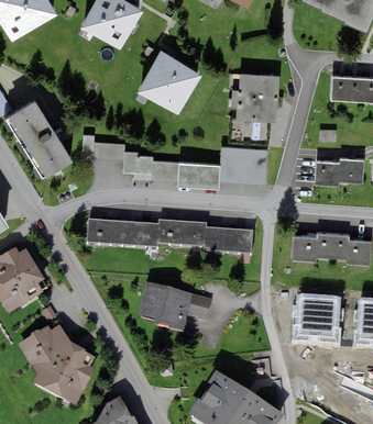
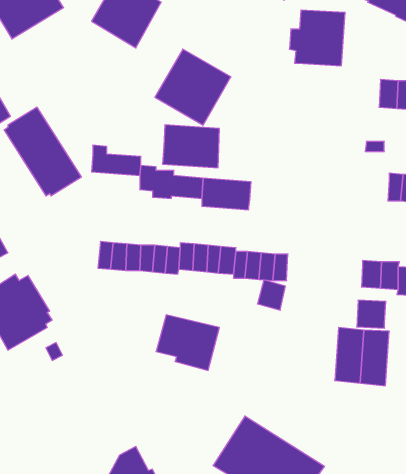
building: [231,74,279,122] -> [289,10,345,66]
building: [219,147,268,185] -> [162,125,219,168]
building: [315,161,340,187] -> none
building: [292,237,317,261] -> [357,300,386,328]
building: [187,292,211,319] -> [257,280,285,310]
building: [18,324,96,404] -> none

